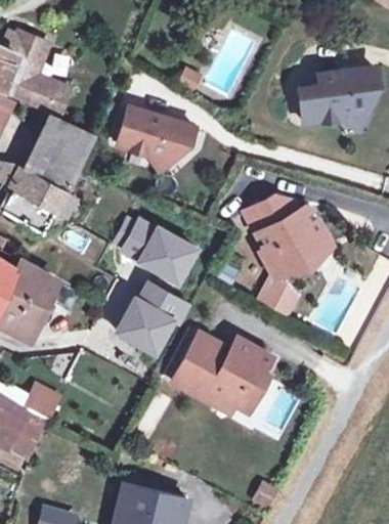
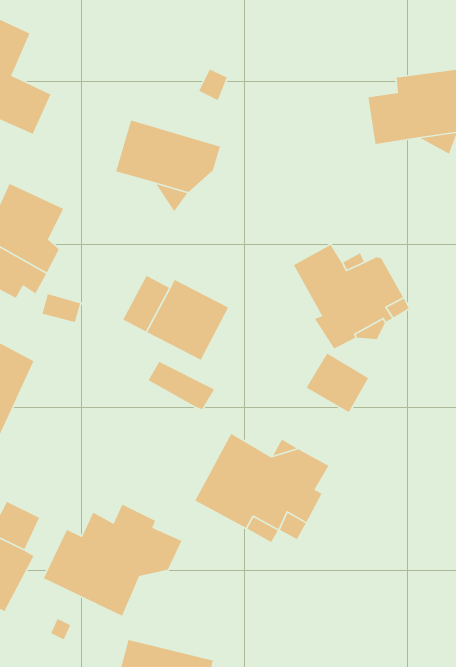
building: [38,118,94,171] -> none
building: [114,294,173,353] -> none
building: none -> [43,503,182,617]

